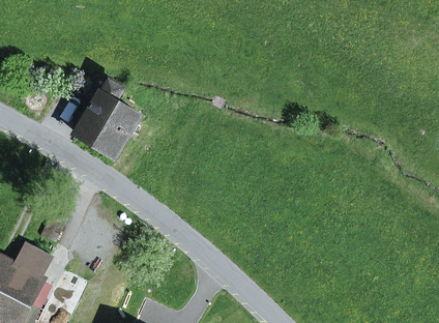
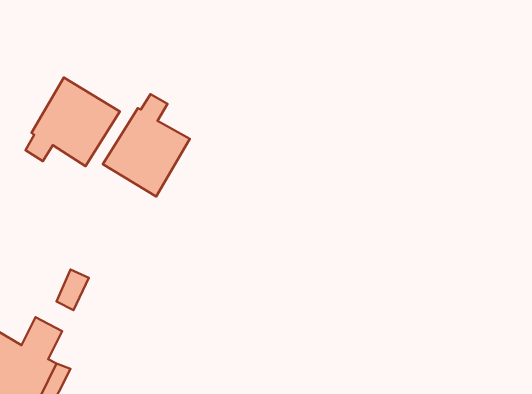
building: none -> [25,78,120,166]

